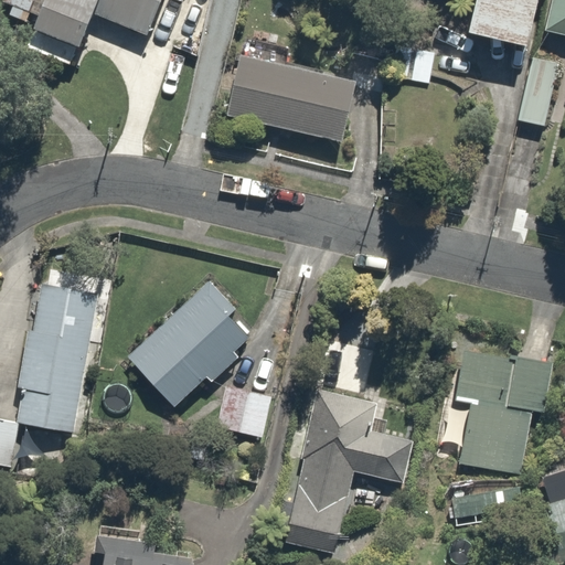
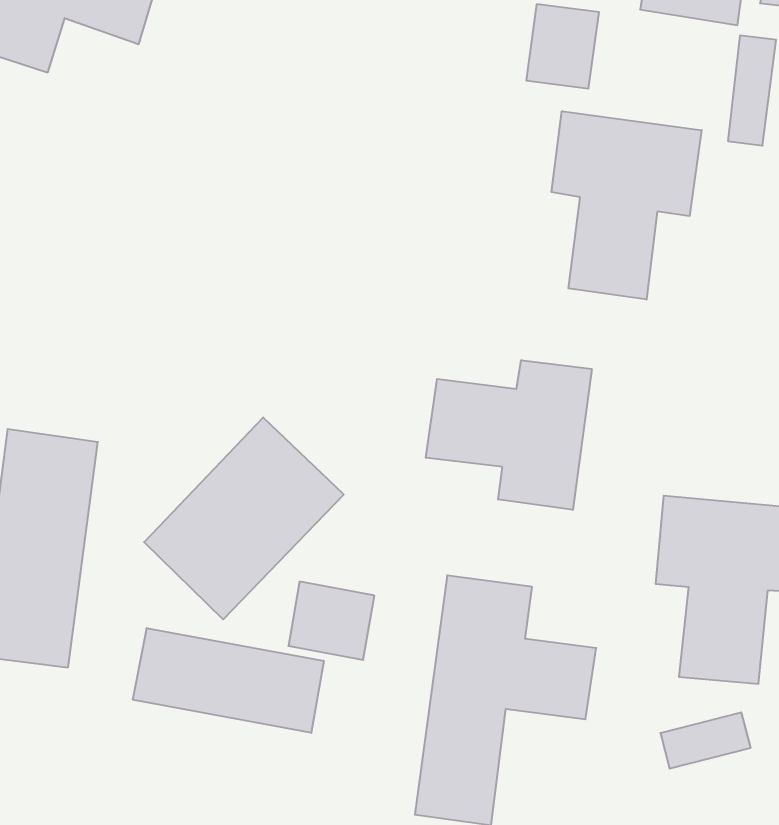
building: [227,56,355,141] -> none
building: none -> [552,111,702,300]
building: none -> [426,360,592,510]
building: none -> [133,628,324,733]

